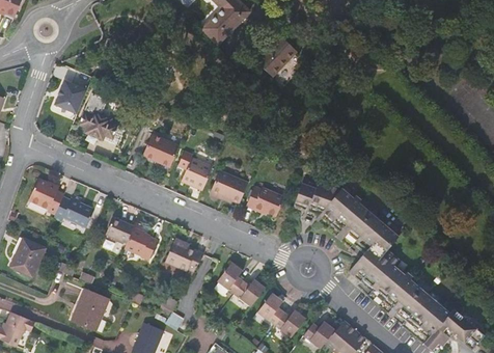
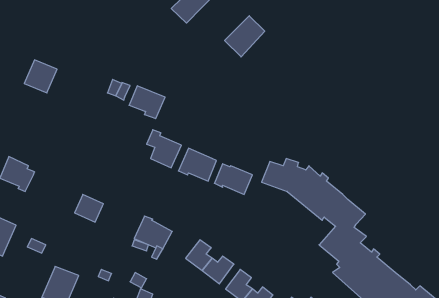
building: [80,111,117,138] -> none
building: [143,133,180,166] -> [129,86,165,119]
building: [54,194,94,226] -> none
building: [124,227,158,259] -> none

